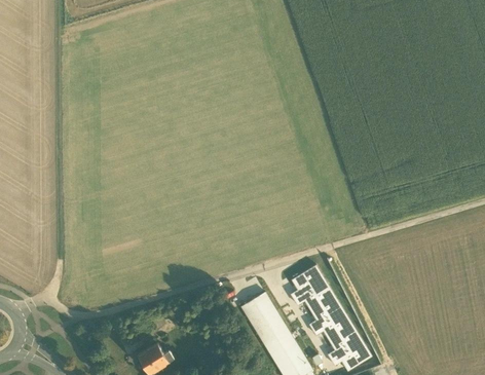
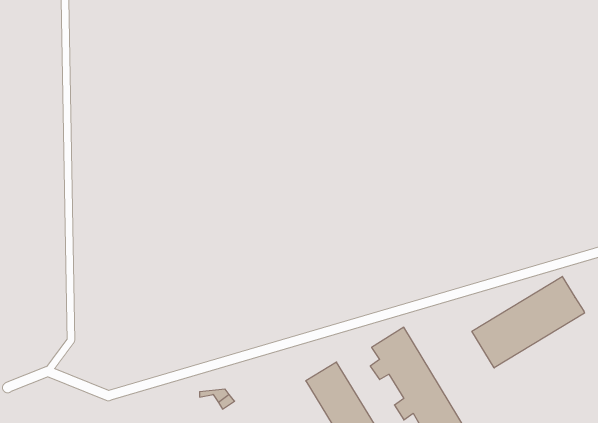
building: none -> [472,276,585,368]

